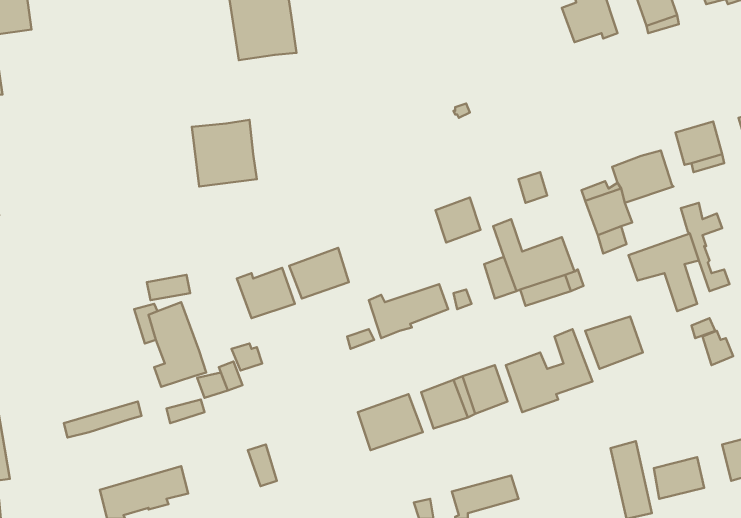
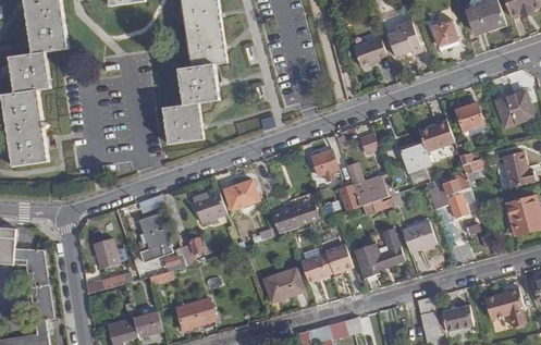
building: none -> [351,35,386,66]
building: none -> [179,63,218,104]
building: none -> [94,241,122,272]
building: none -> [176,301,205,331]

